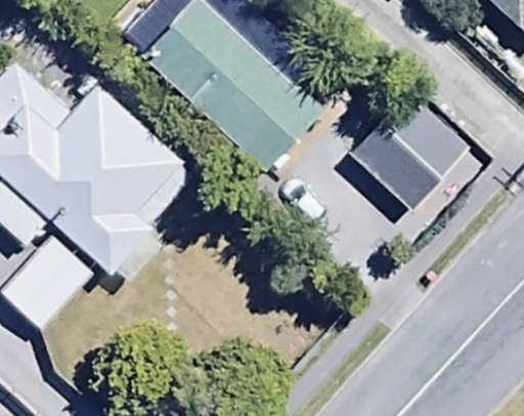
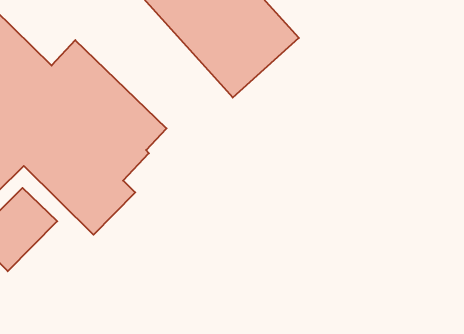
building: [347,83,458,195] -> none

